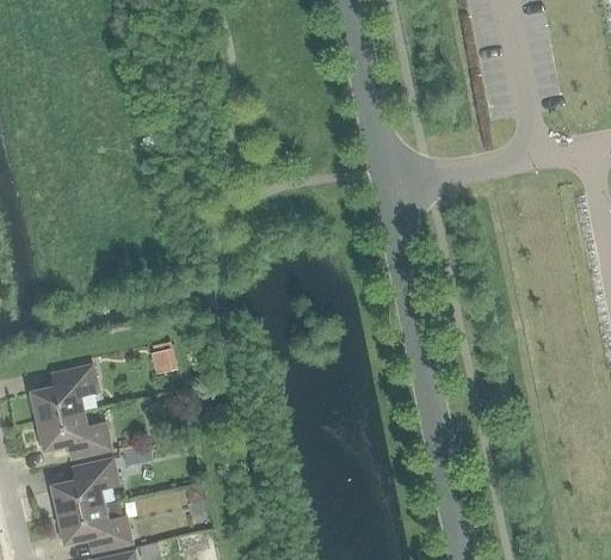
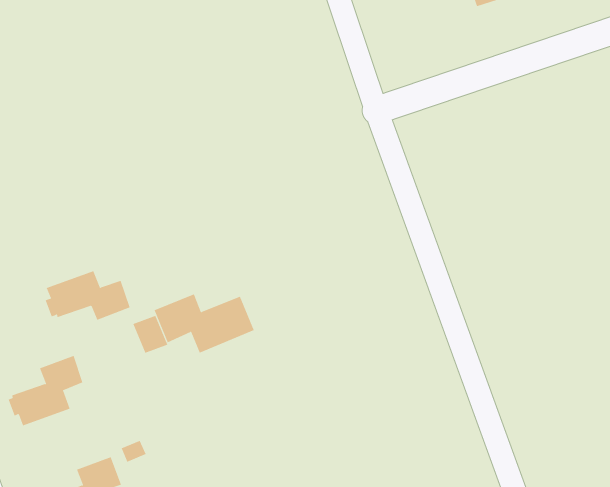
building: none -> [154,293,255,353]
building: [36,411,110,455] -> [45,270,130,320]

